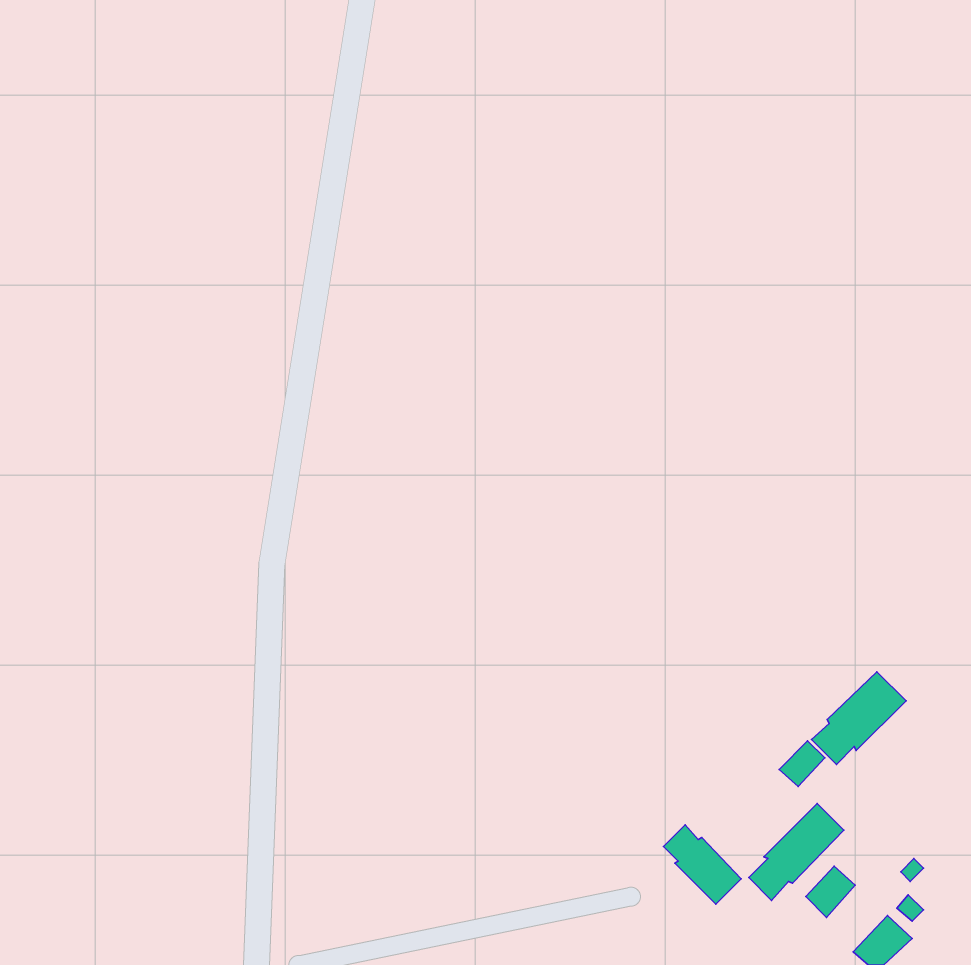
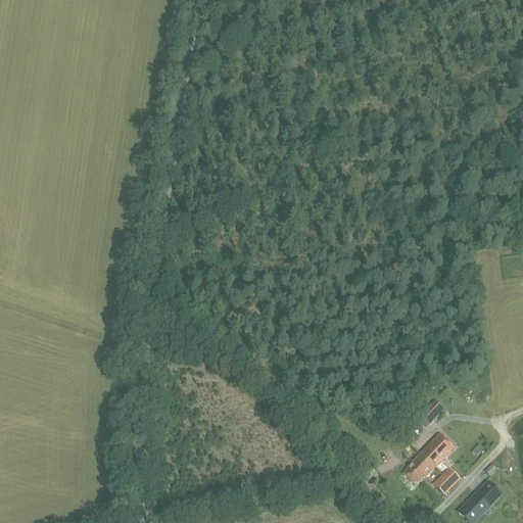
building: [811,672,906,764] -> none
building: [664,825,741,904] -> none

